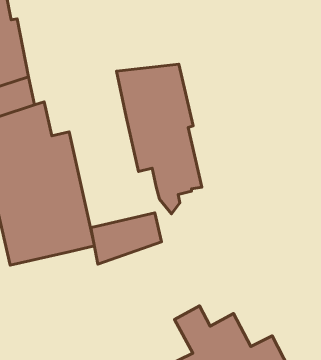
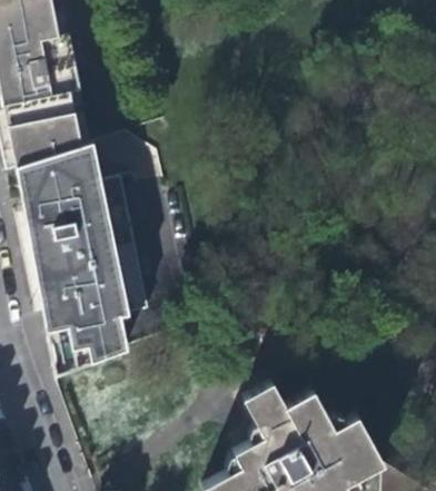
building: [116,64,202,214] -> none
building: [91,213,161,264] -> [49,316,130,375]

